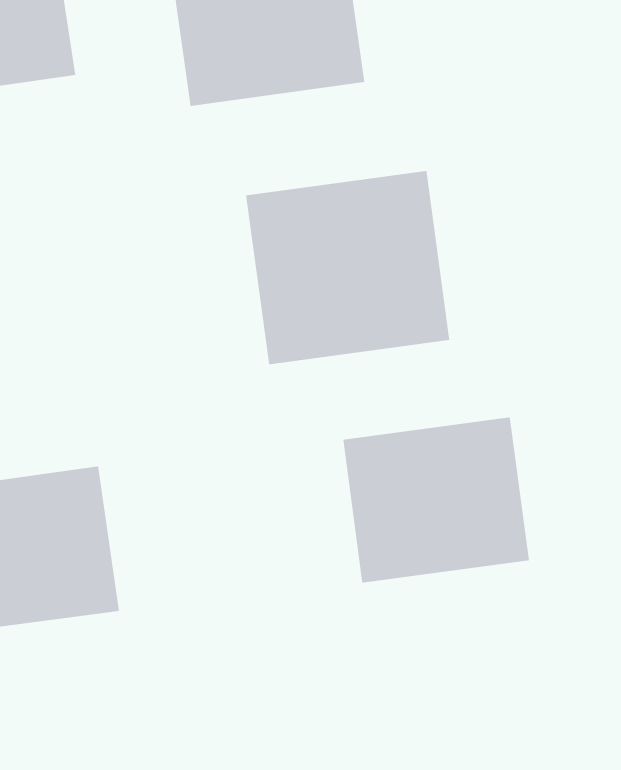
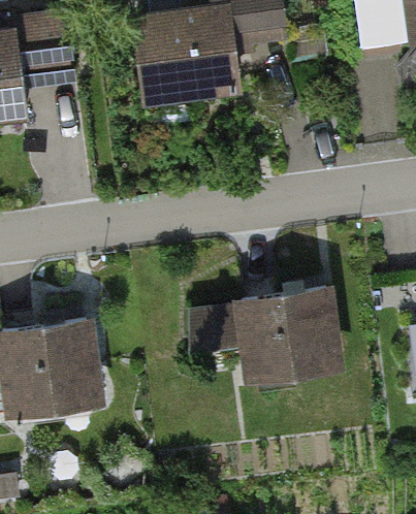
building: [246,170,450,365] -> none

